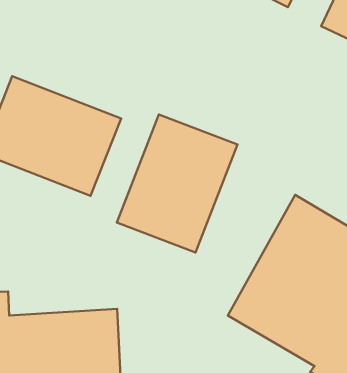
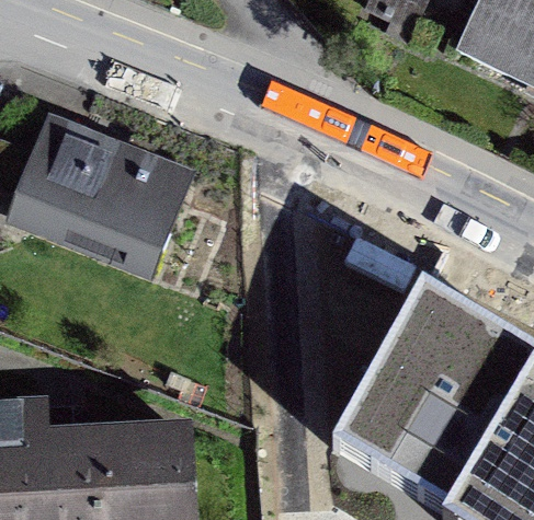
building: [117,115,238,252] -> none

